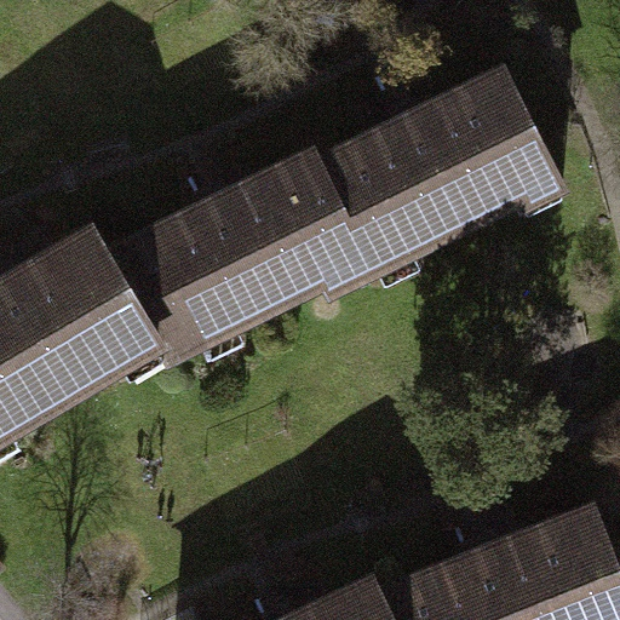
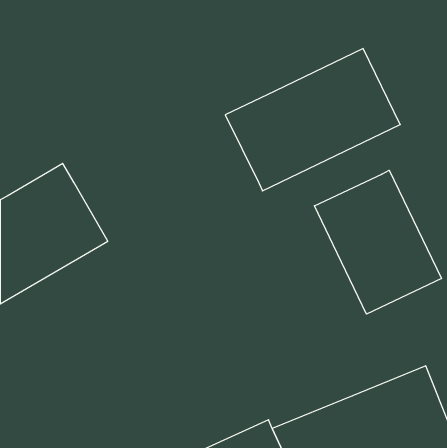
building: [108,151,361,354] -> none
building: none -> [314,170,441,314]

